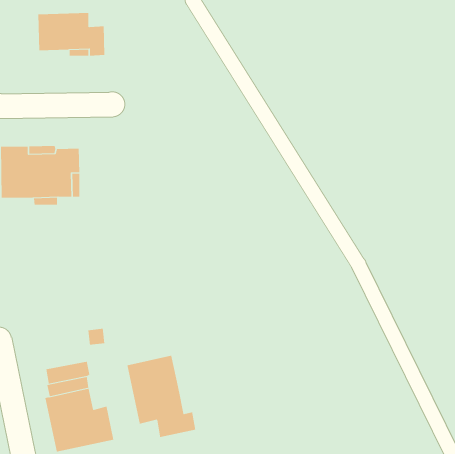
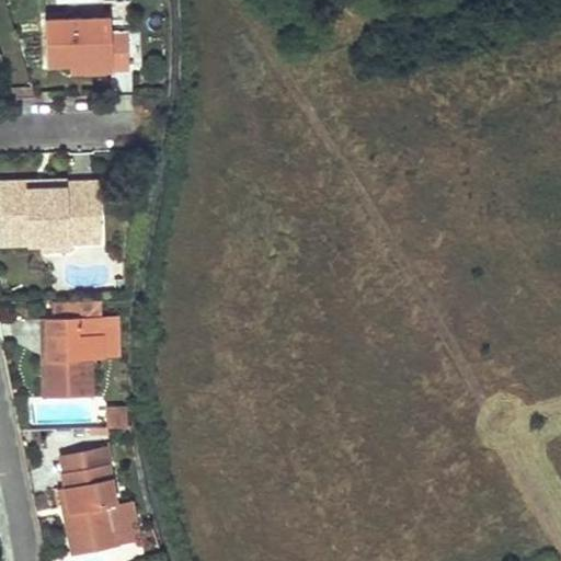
building: none -> [44,301,104,399]
building: [127,355,196,438] -> none

